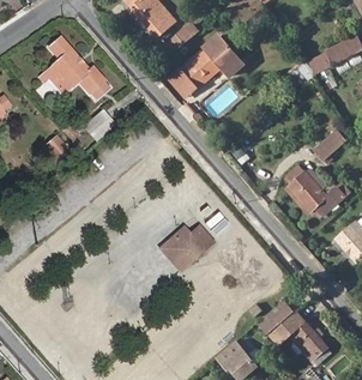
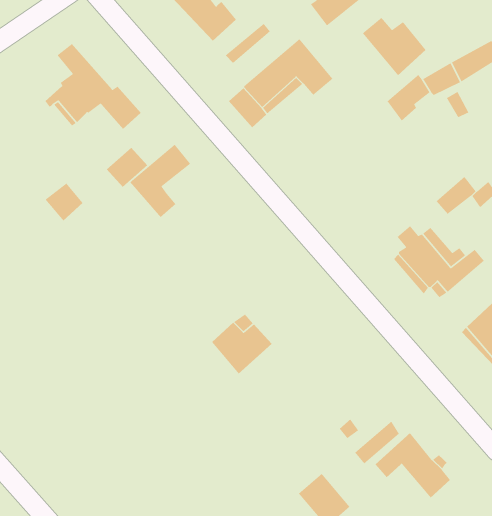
building: none -> [362,17,427,76]
building: none -> [129,144,191,218]

